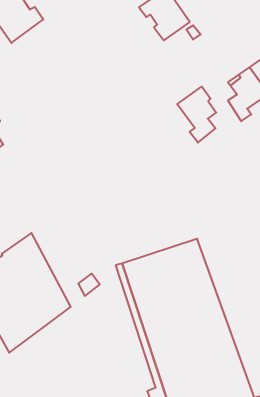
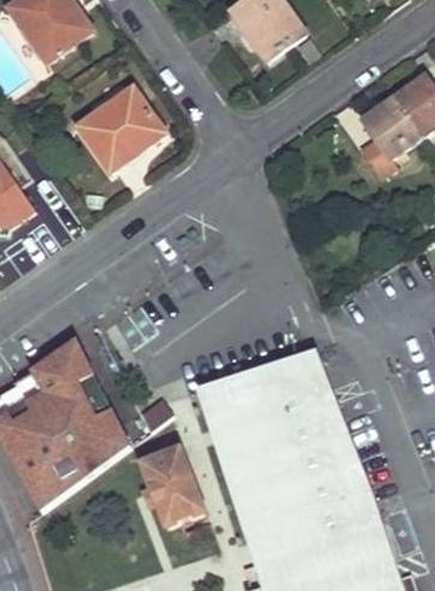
building: none -> [77,88,166,173]
building: [177,87,216,143] -> none
building: none -> [141,448,205,526]

